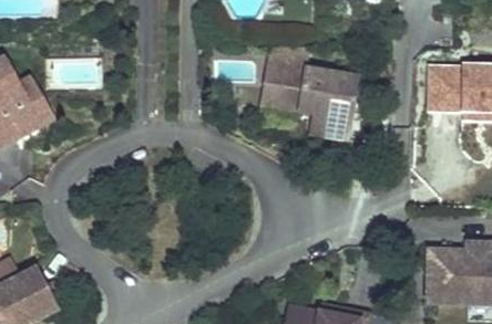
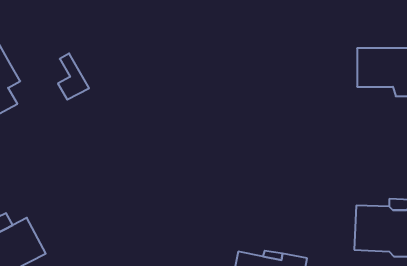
building: [262,44,358,142] -> none
building: [18,76,54,130] -> [58,53,89,100]

